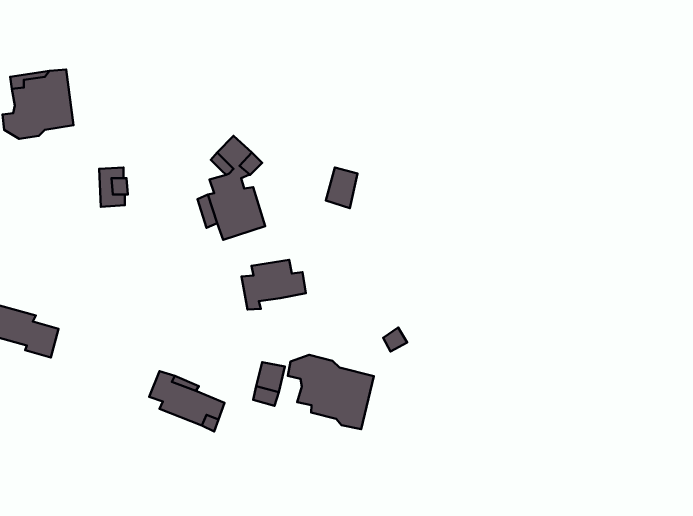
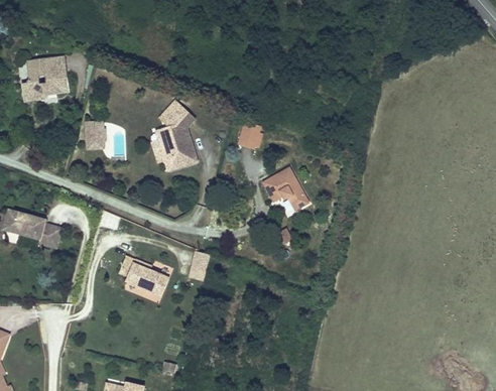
building: none -> [265,165,312,209]
building: [241,260,306,309] -> none
building: [288,355,374,429] -> none

